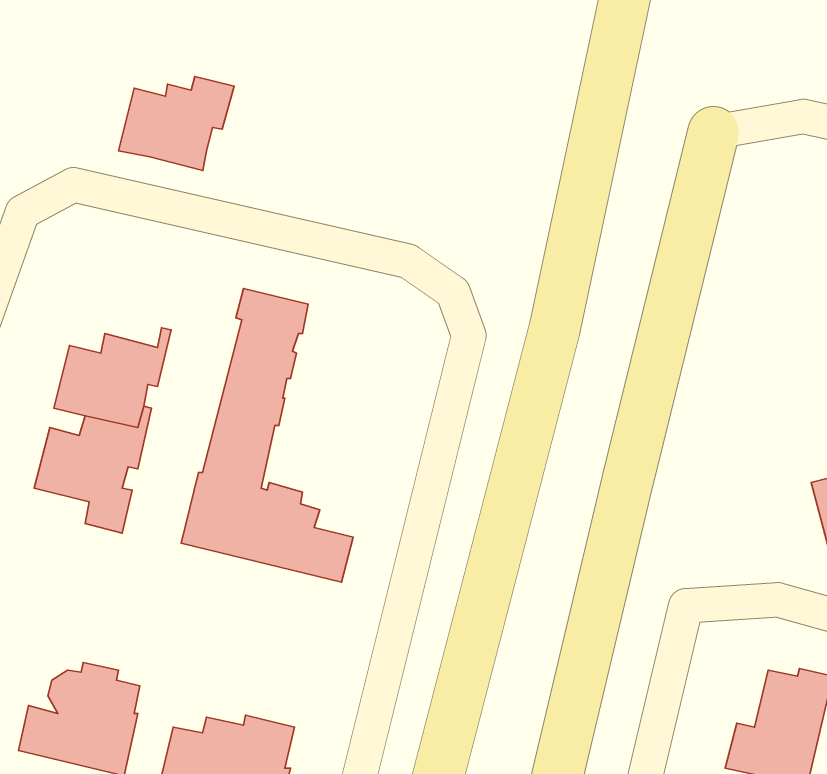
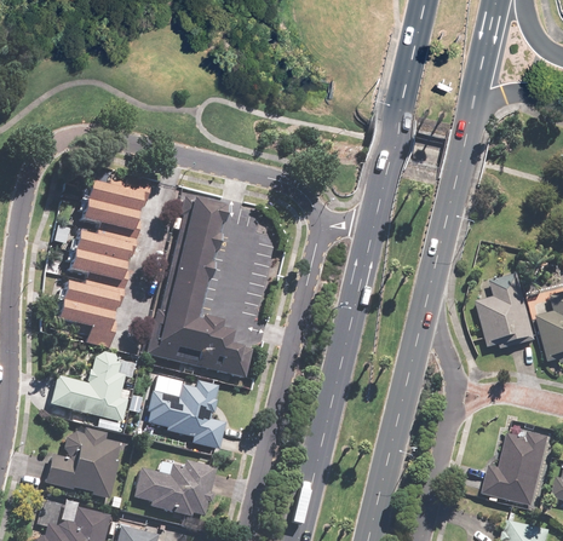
building: [119,76,234,170] -> [79,174,150,232]
building: none -> [475,272,535,347]
building: none -> [50,351,136,431]
building: none -> [147,380,225,449]

